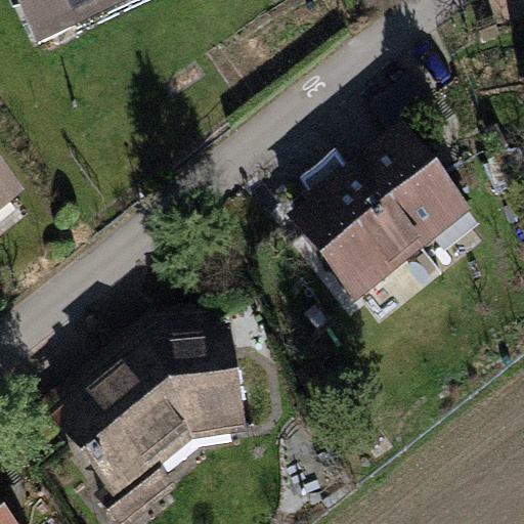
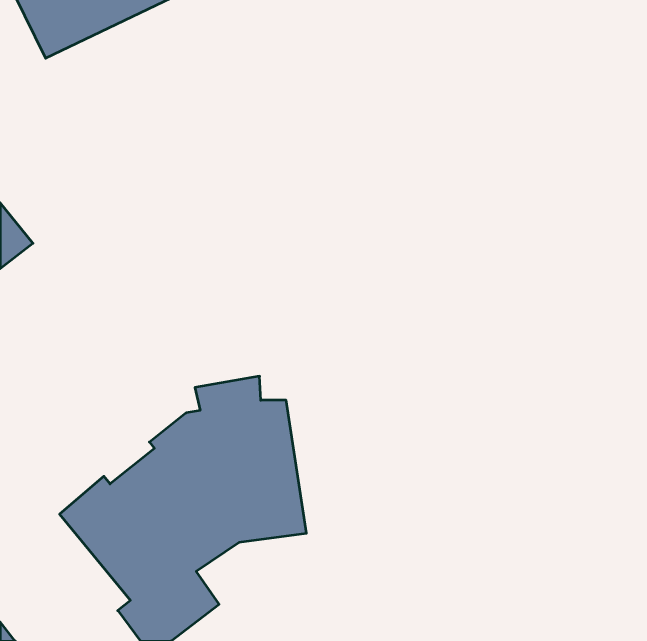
building: [289,122,473,300] -> none

